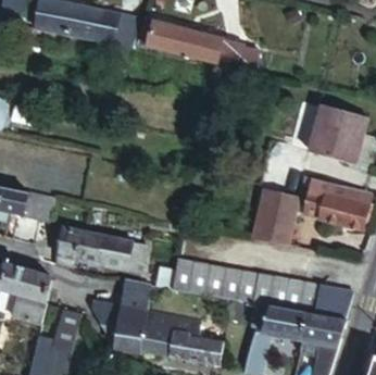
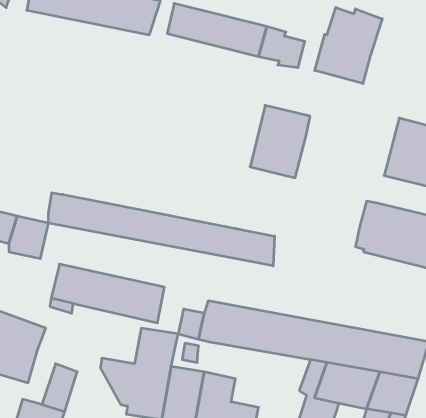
building: none -> [315,7,382,84]
building: none -> [49,193,275,266]
building: [252,190,300,248] -> [250,105,310,178]

